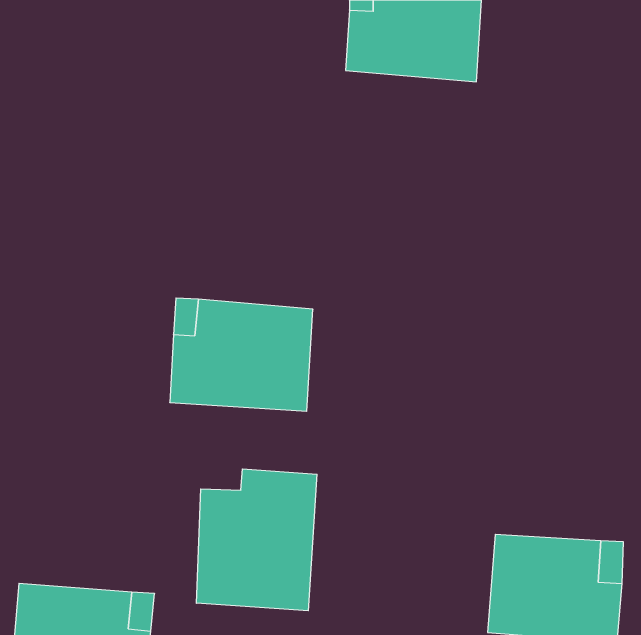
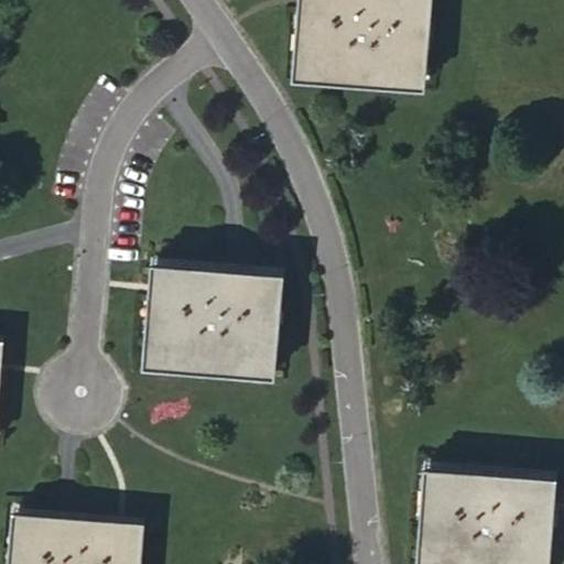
building: [196,469,317,611] -> none

